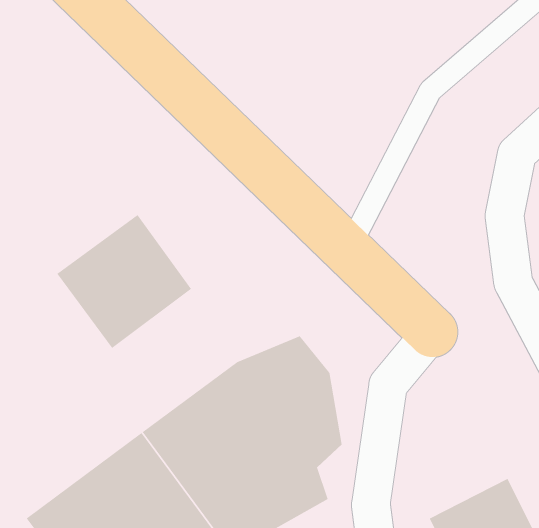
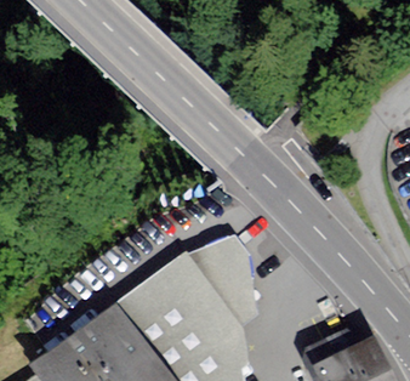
building: [56,214,192,349] -> none

